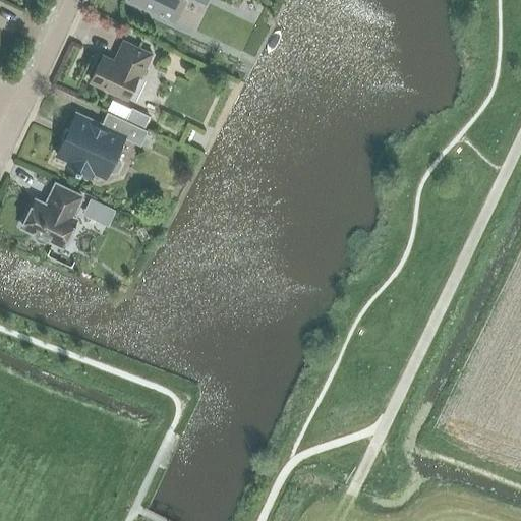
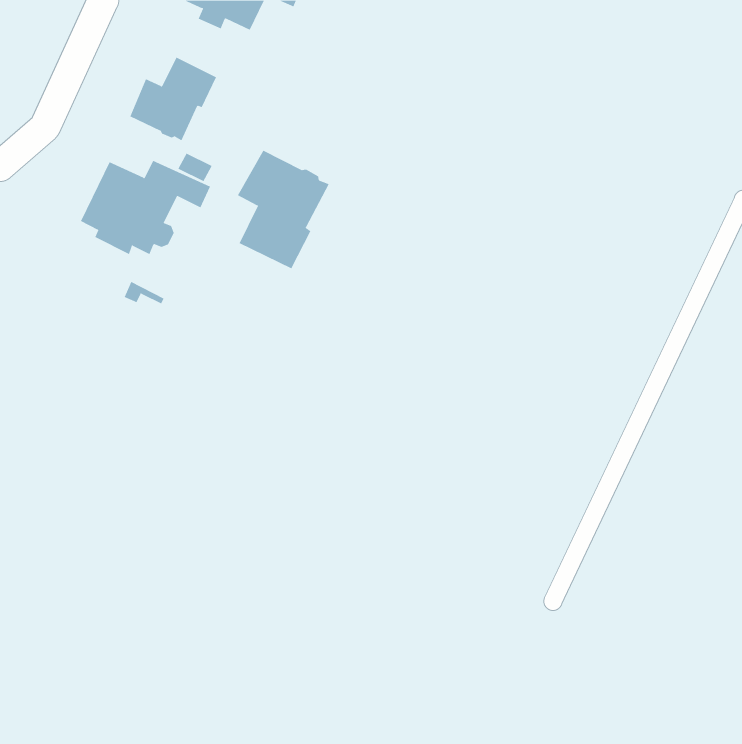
building: none -> [237,150,329,269]
building: [23,184,82,245] -> none

